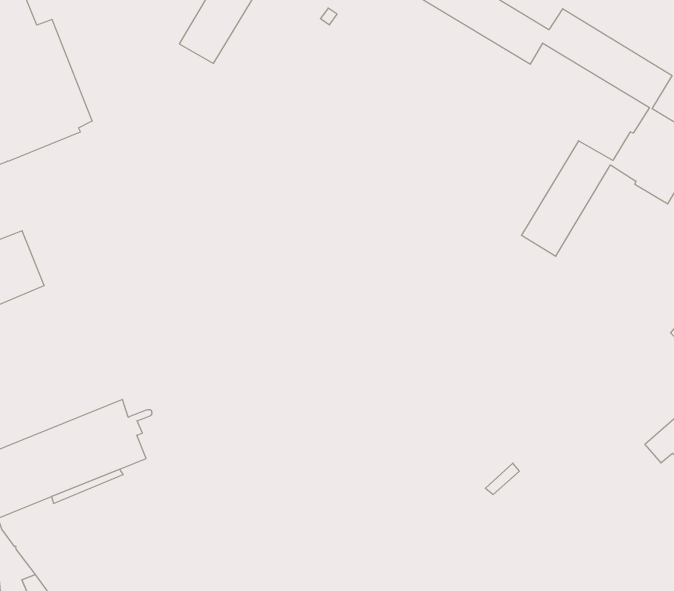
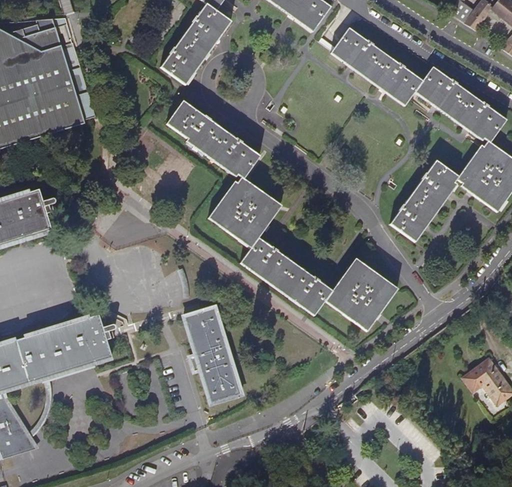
building: none -> [168,102,395,329]
building: none -> [184,306,241,403]

